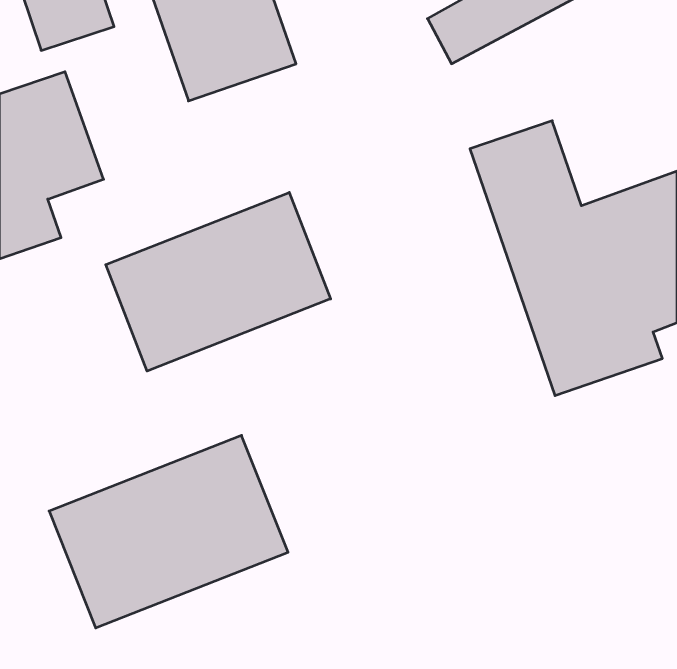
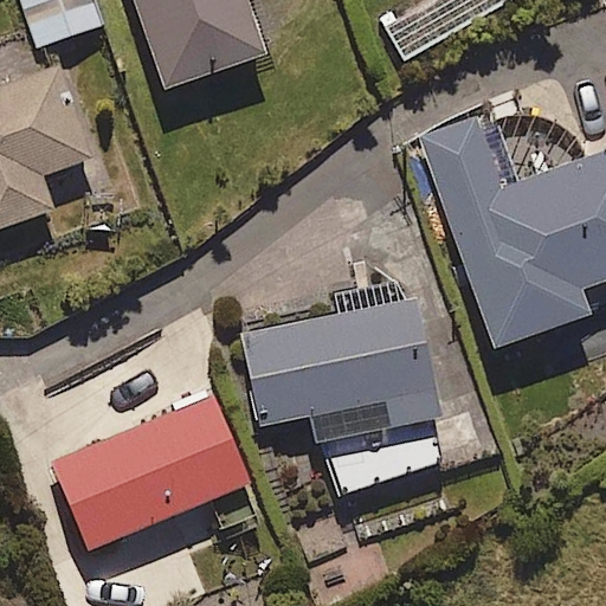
building: [106,192,331,371] -> none
building: none -> [241,276,447,486]

